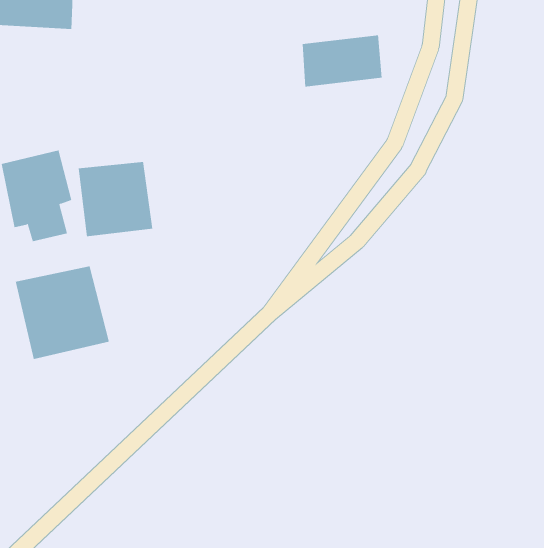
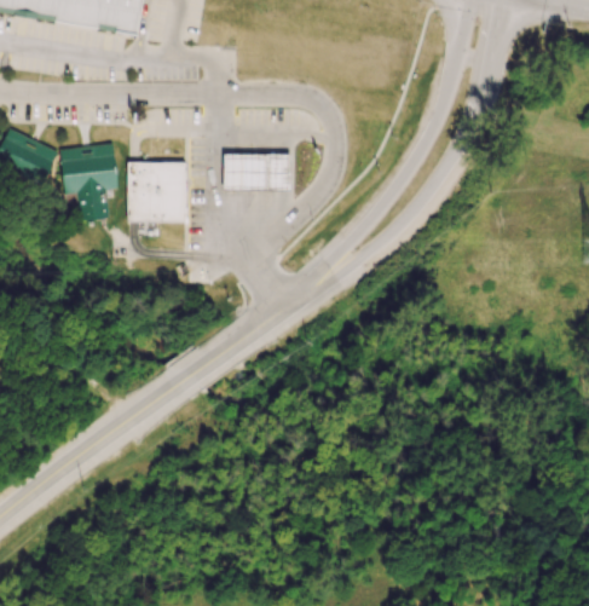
building: [302,35,383,87] -> [221,151,293,190]
building: [15,265,109,360] -> none

